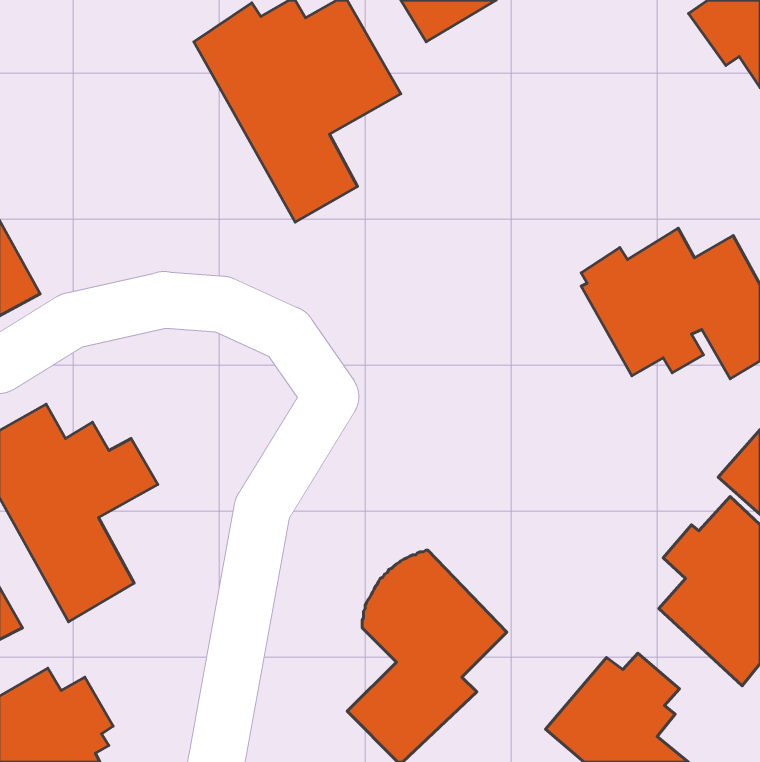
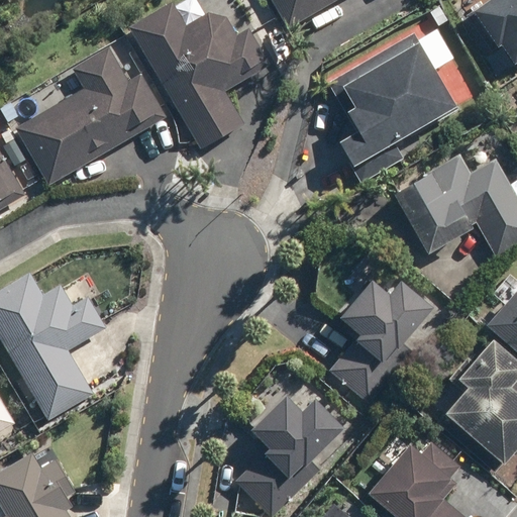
building: none -> [327,29,458,168]
building: none -> [14,45,167,187]
building: none -> [327,280,432,406]

